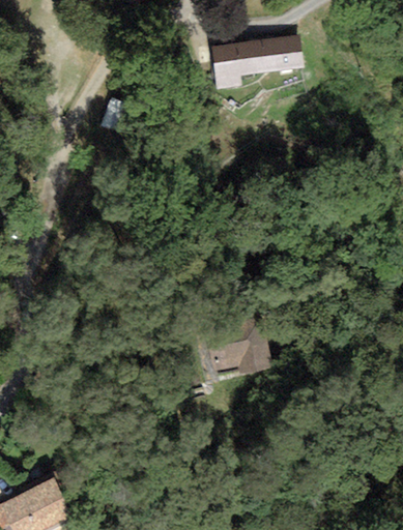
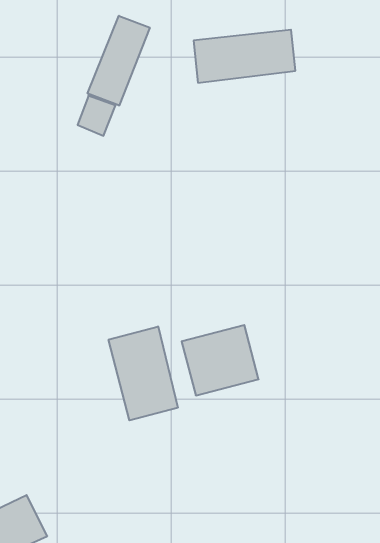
building: none -> [88,16,150,106]
building: none -> [109,326,178,420]

